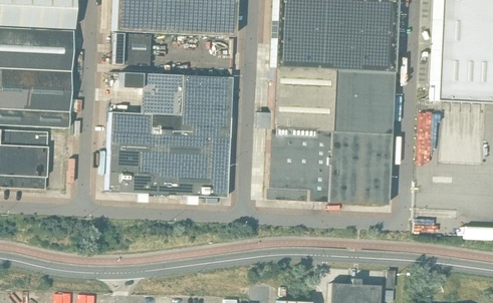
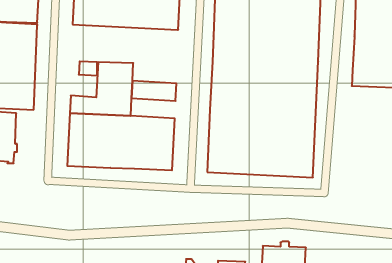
building: [113,32,152,65] -> none
building: [183,74,234,97] -> none
building: [181,114,232,137] -> none

